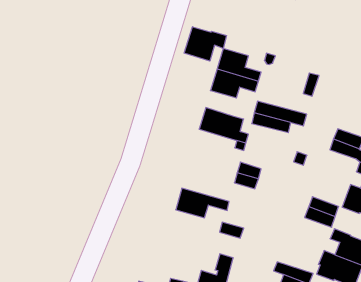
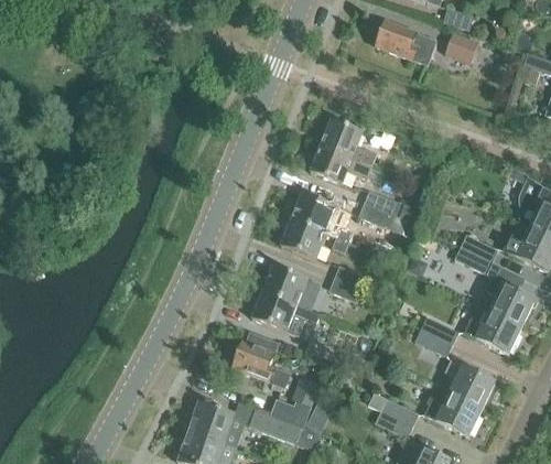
building: [184,27,227,61] -> none
building: none -> [281,217,326,258]
building: none -> [262,263,322,307]
building: none -> [234,342,289,386]

